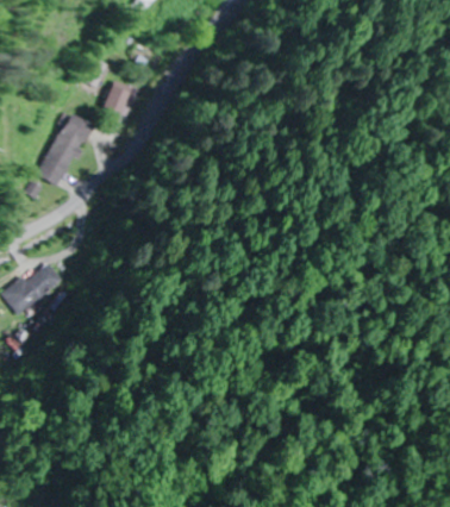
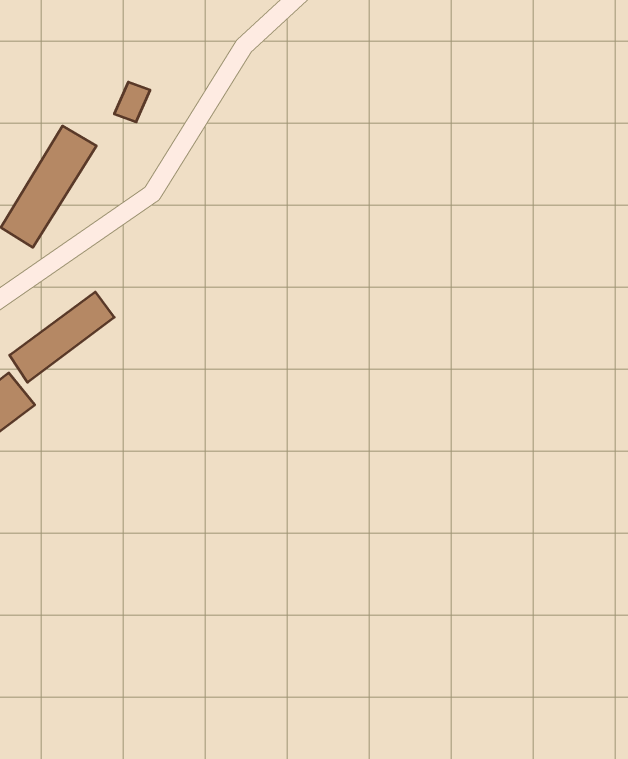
building: none -> [10,292,114,382]

